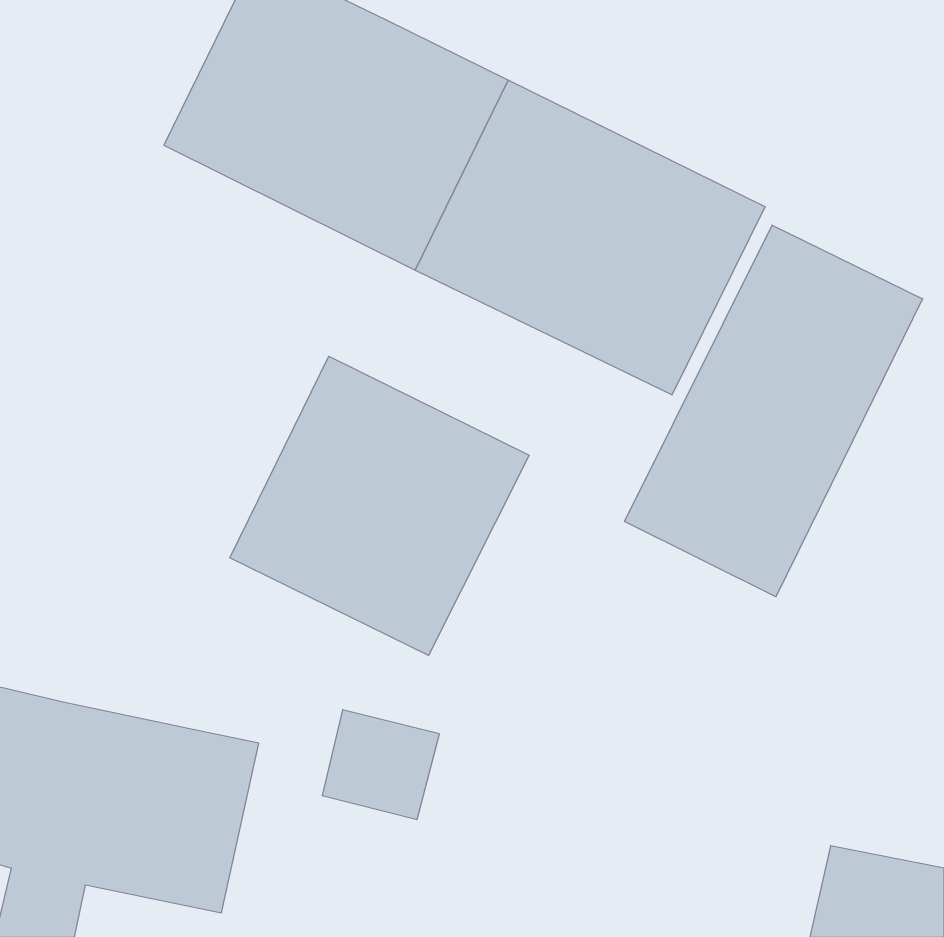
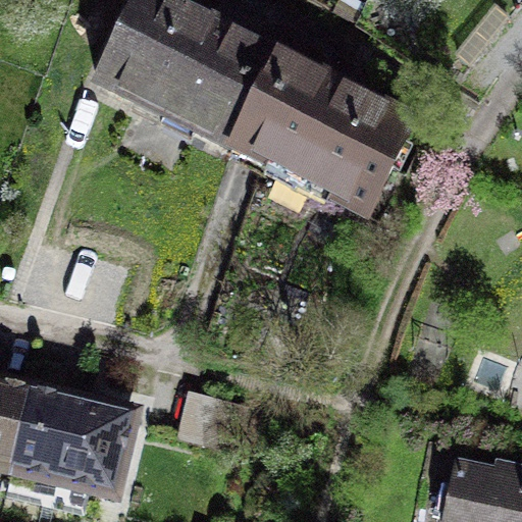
building: [625,225,923,597] -> none
building: [230,356,529,655] -> none

